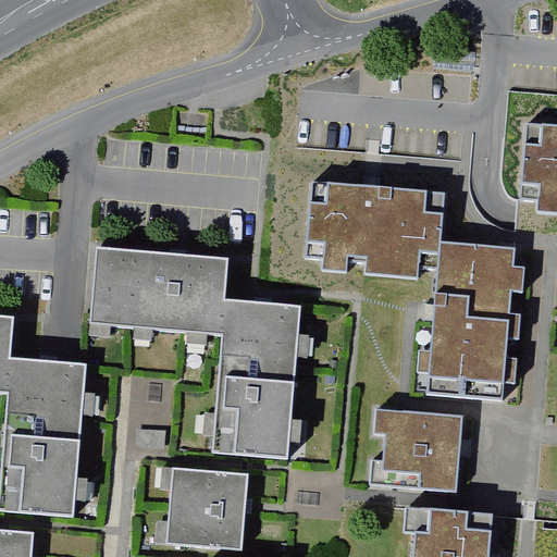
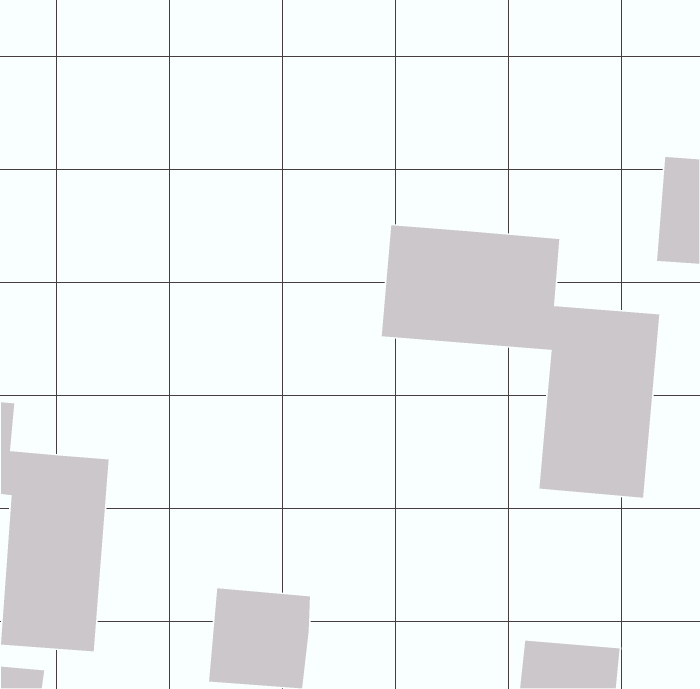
building: [89,248,299,453] -> none
building: [372,404,463,484] -> none

